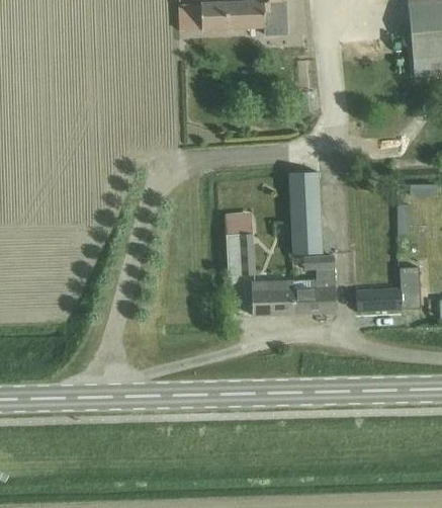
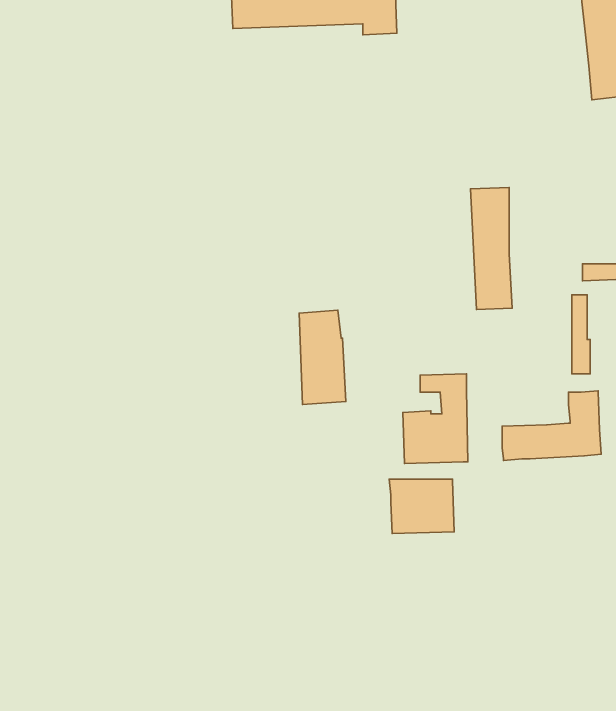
building: [291,173,319,253] -> [470,187,512,310]
building: [250,279,292,315] -> [389,479,454,533]

